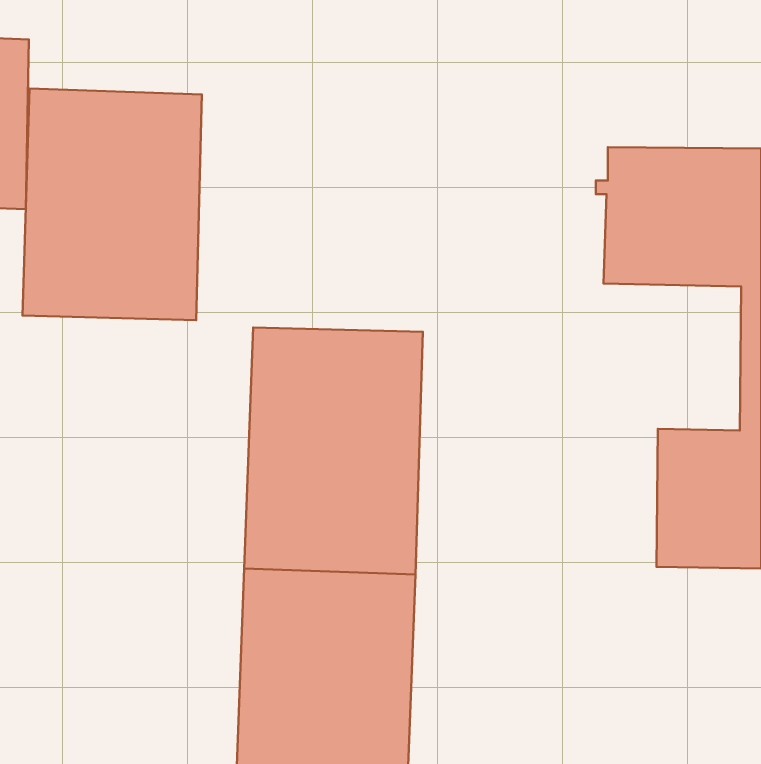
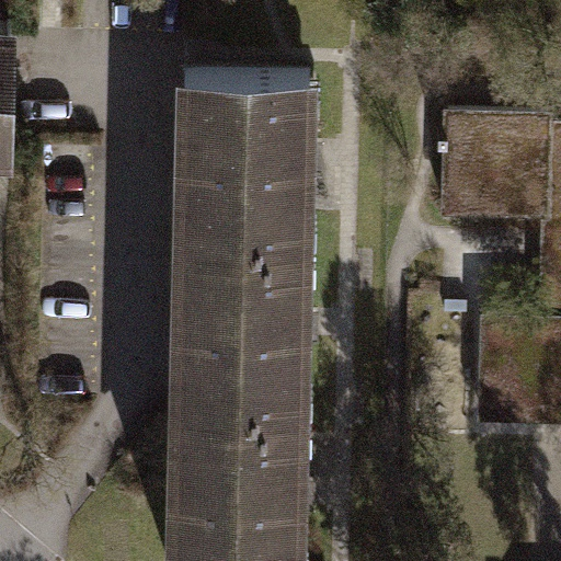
building: none -> [183,70,311,248]
building: [22,88,202,320] -> none

